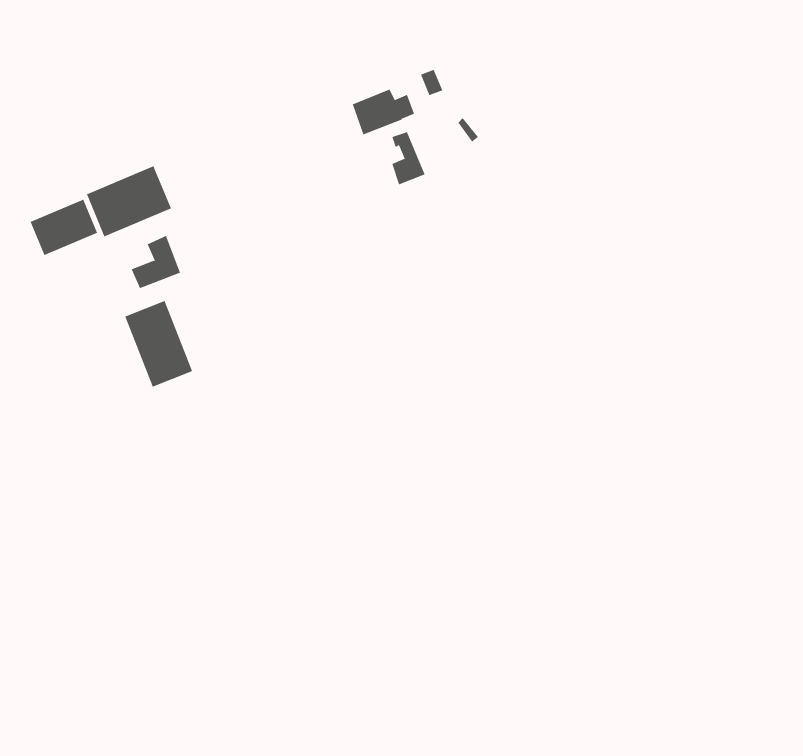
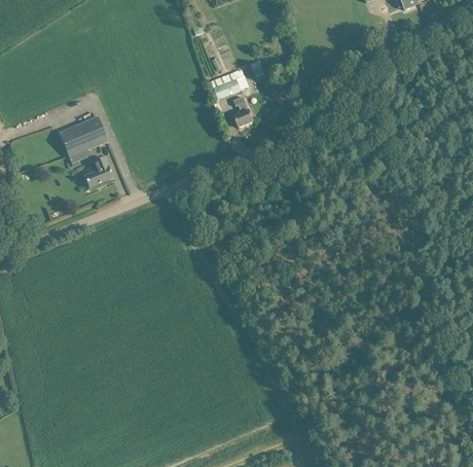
building: [30,199,98,256] -> none
building: [124,300,193,388] -> none

